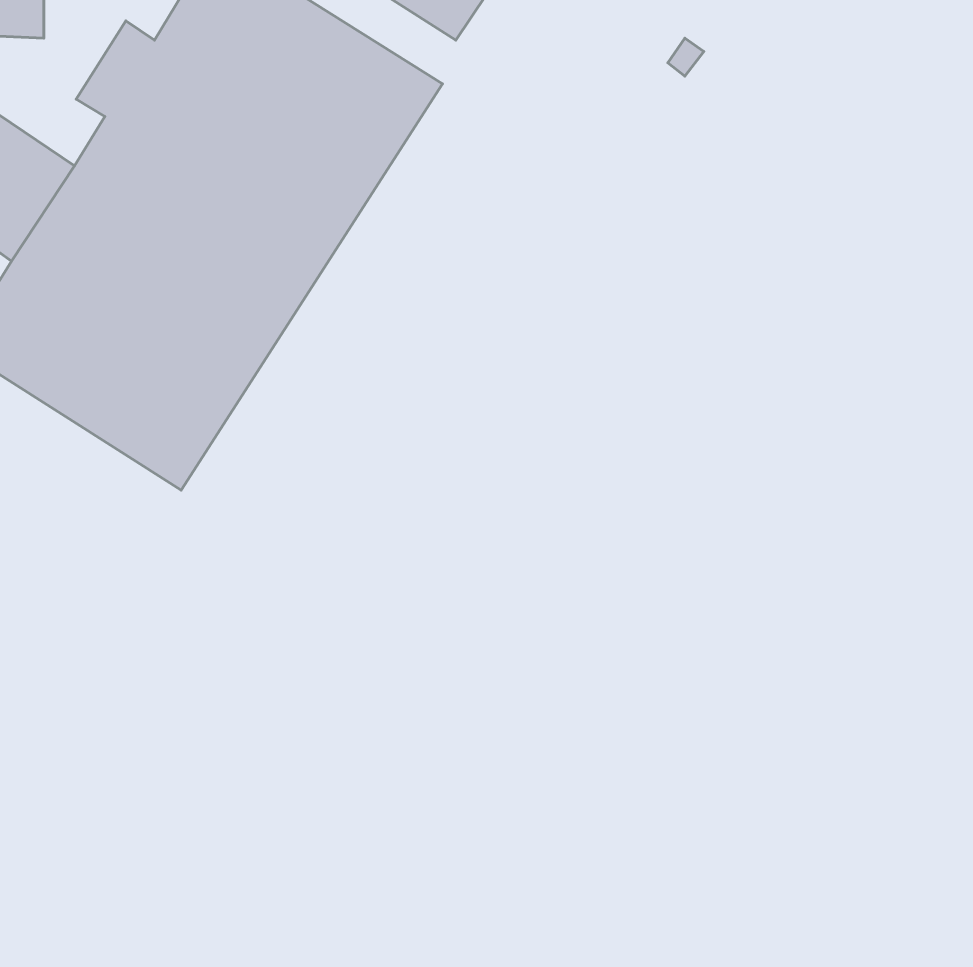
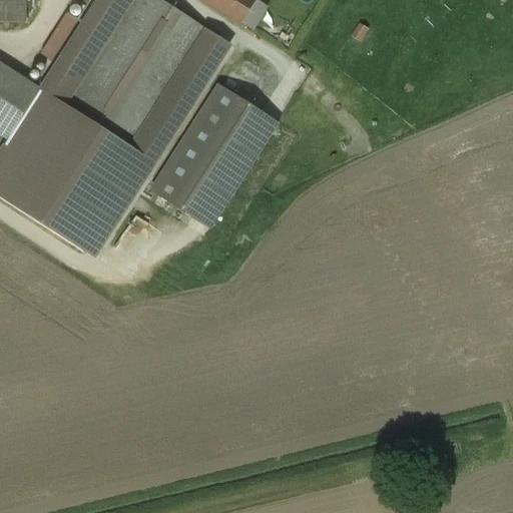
building: none -> [150,83,277,226]

